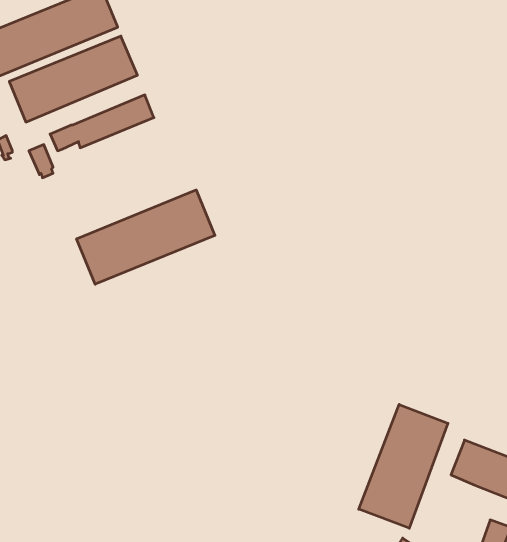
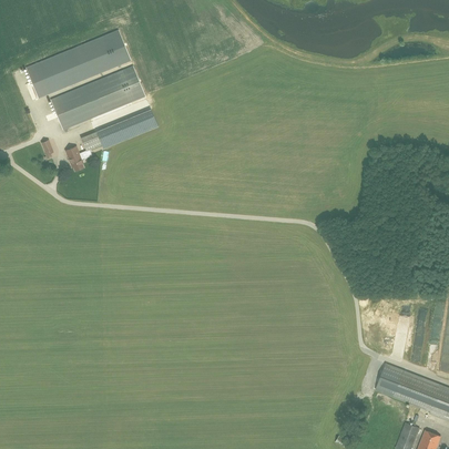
building: [77,190,215,284] -> none
building: [359,404,448,528] -> none

